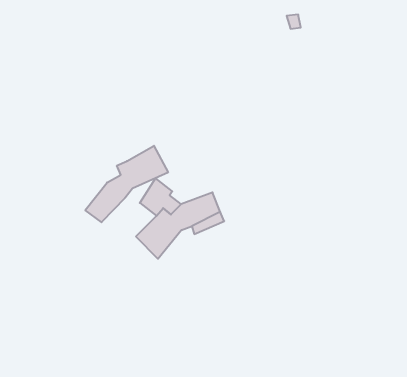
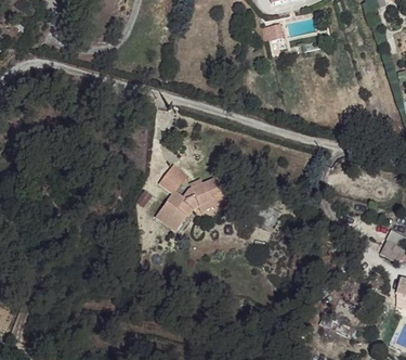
building: [85,146,168,222] -> none

